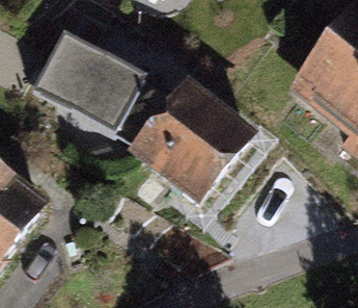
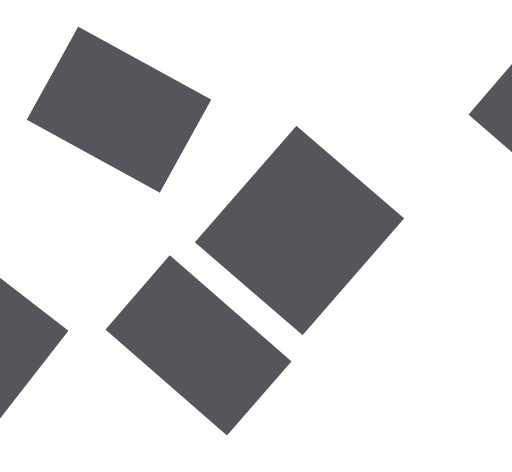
building: none -> [104,254,293,437]

